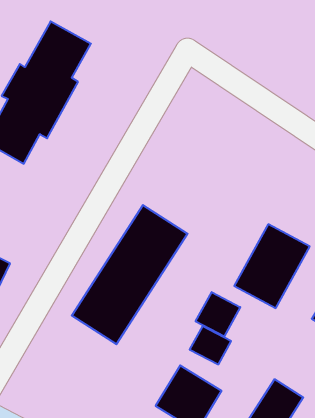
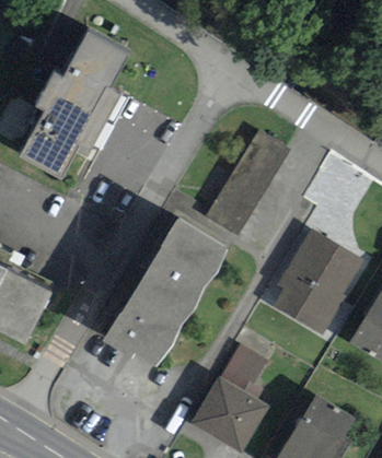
building: none -> [209,133,280,226]
building: [196,292,240,337] -> none

